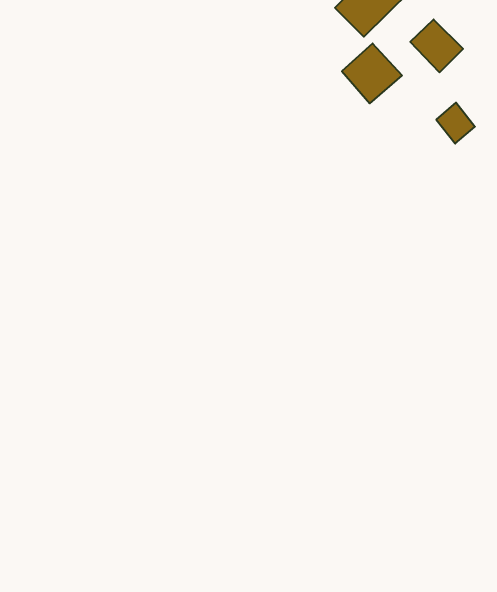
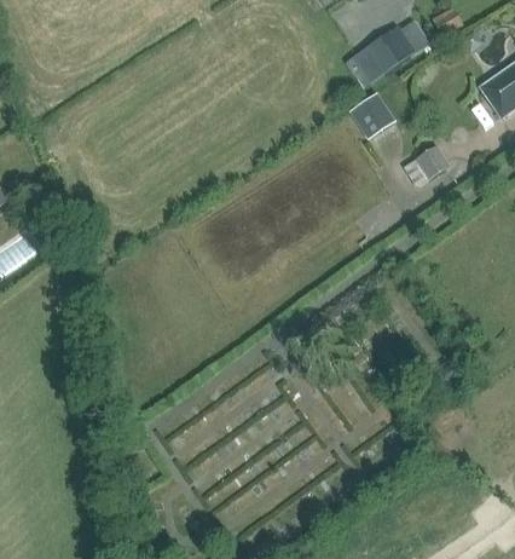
building: [410,19,463,72] -> none

